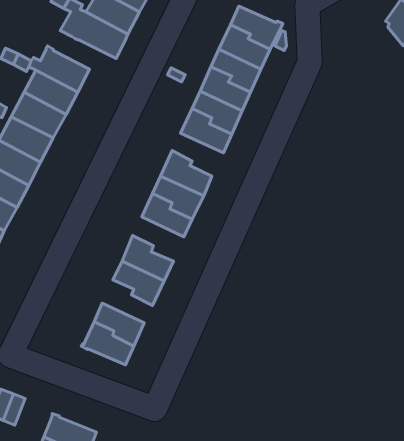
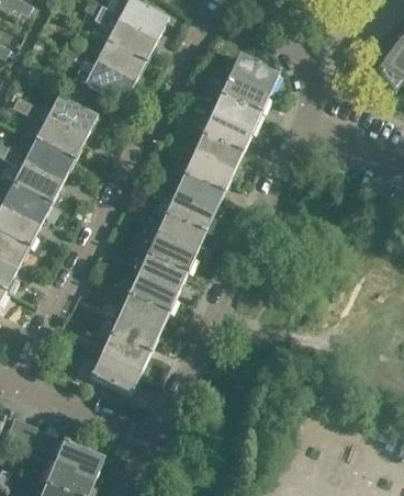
building: none -> [175,176,223,216]
building: none -> [137,255,186,296]
building: none -> [109,314,156,354]

